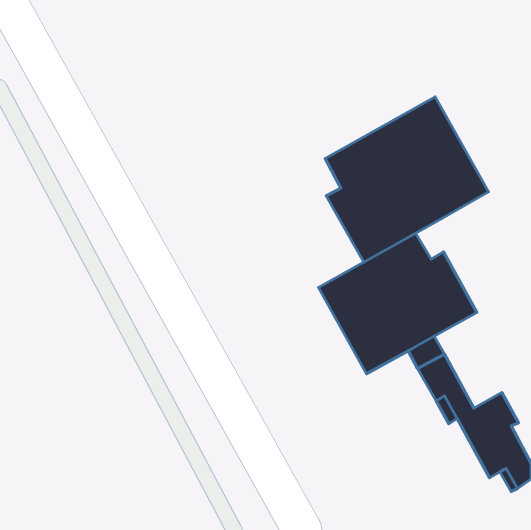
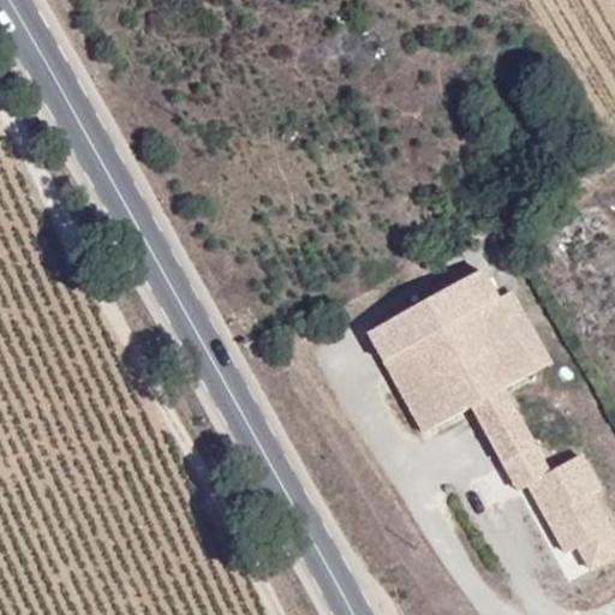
building: [325,97,489,262] -> none

